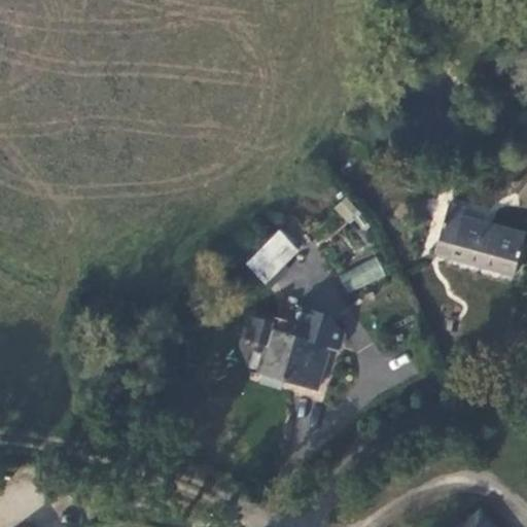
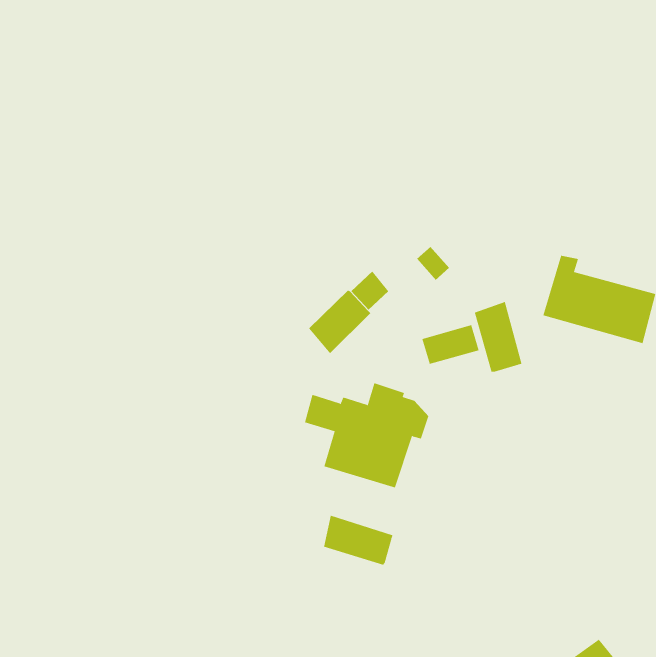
building: none -> [474,301,522,373]
building: none -> [323,515,393,565]

